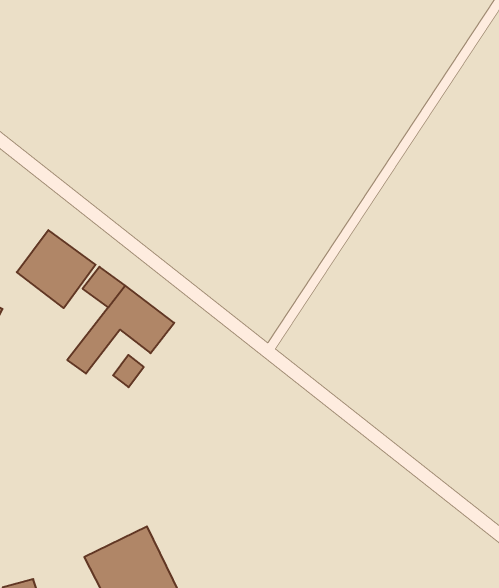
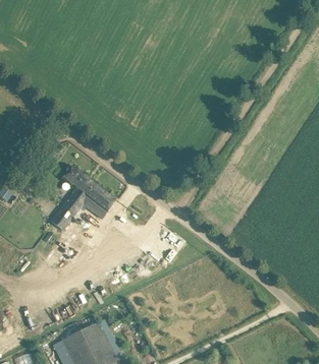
building: [17,230,96,308] -> none

